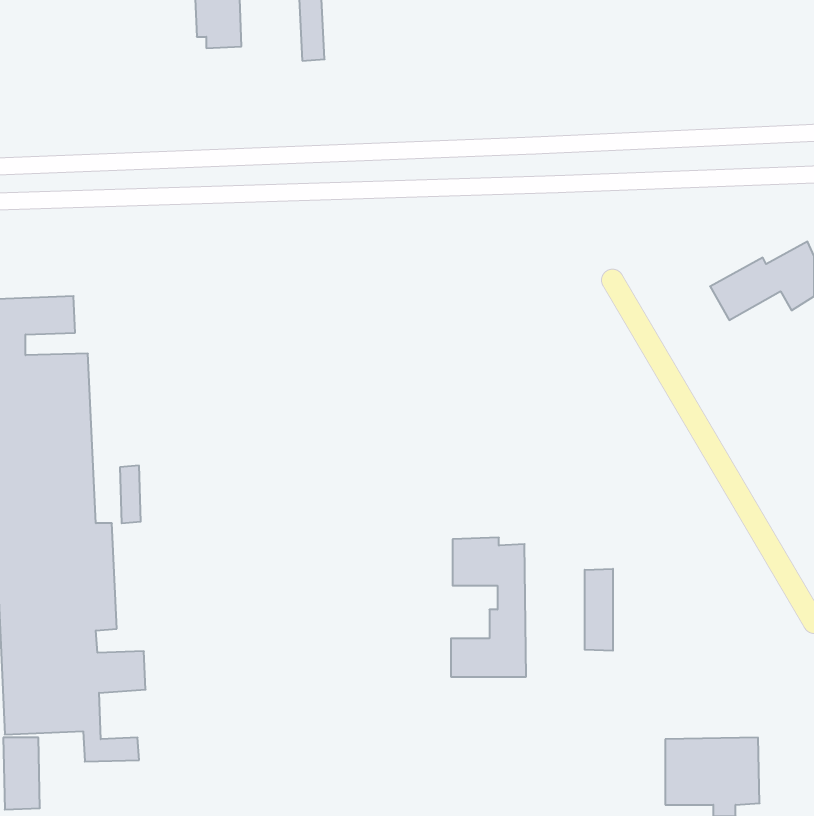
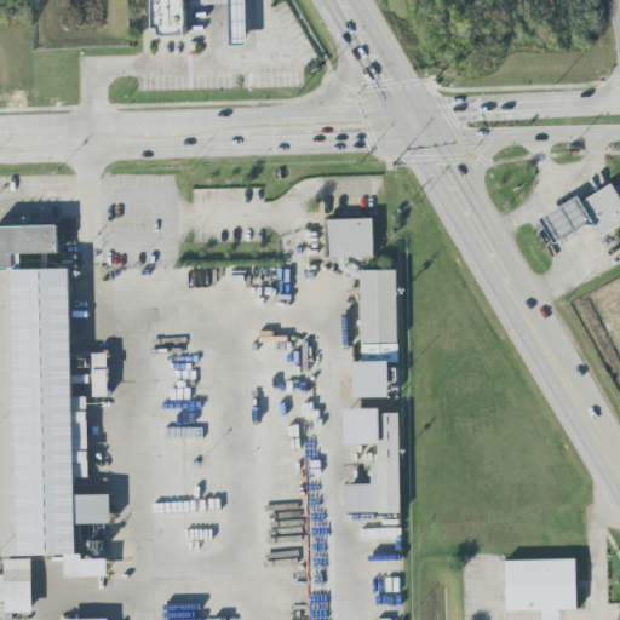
building: none -> [326,218,372,257]
building: none -> [352,270,397,397]
building: [585,569,613,651] -> none

